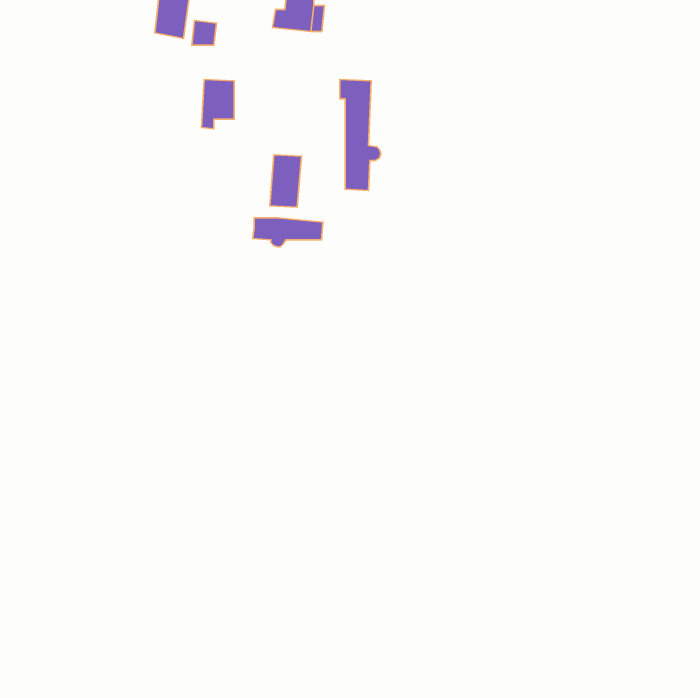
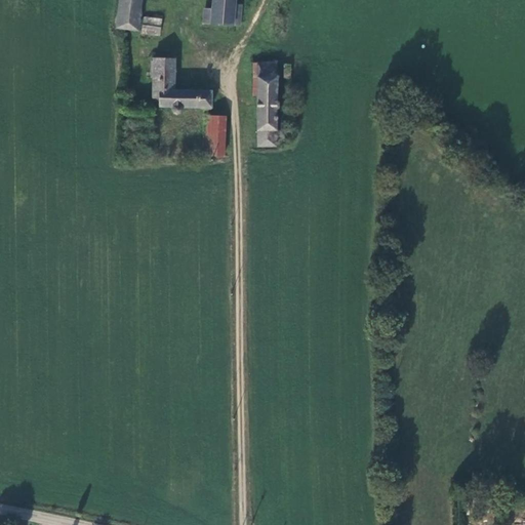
building: [253,218,323,247] -> [159,89,211,111]

